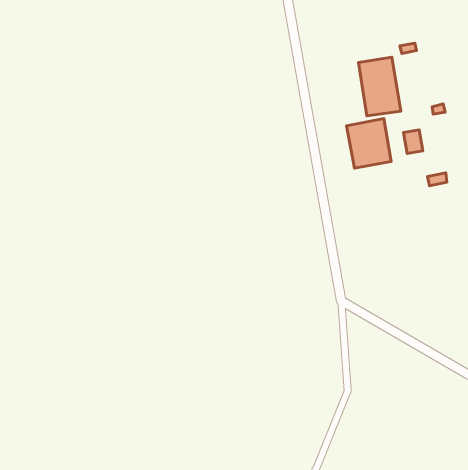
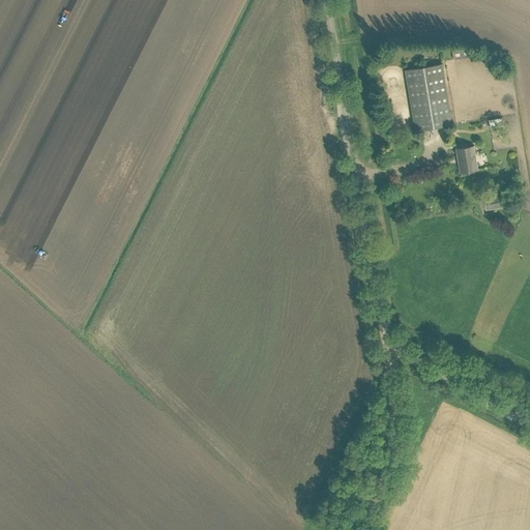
building: [346,119,391,168] -> none

